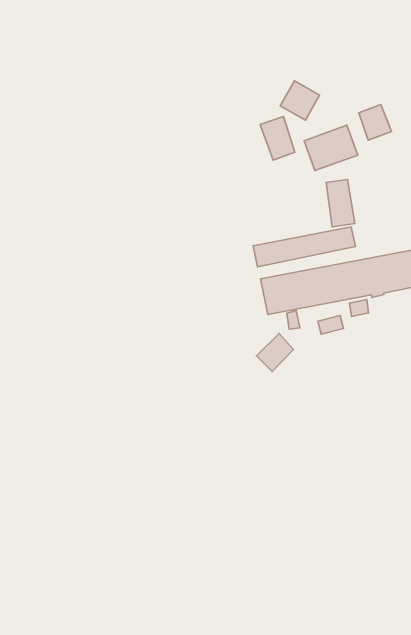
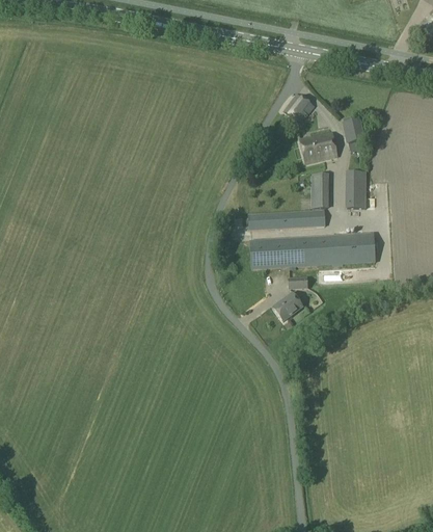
building: [260,116,295,160] -> none
building: none -> [347,172,366,208]
building: [256,334,294,371] -> [274,292,303,320]

